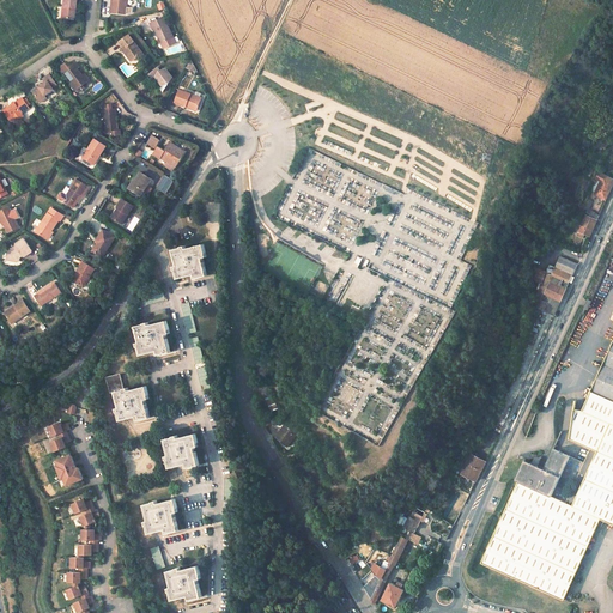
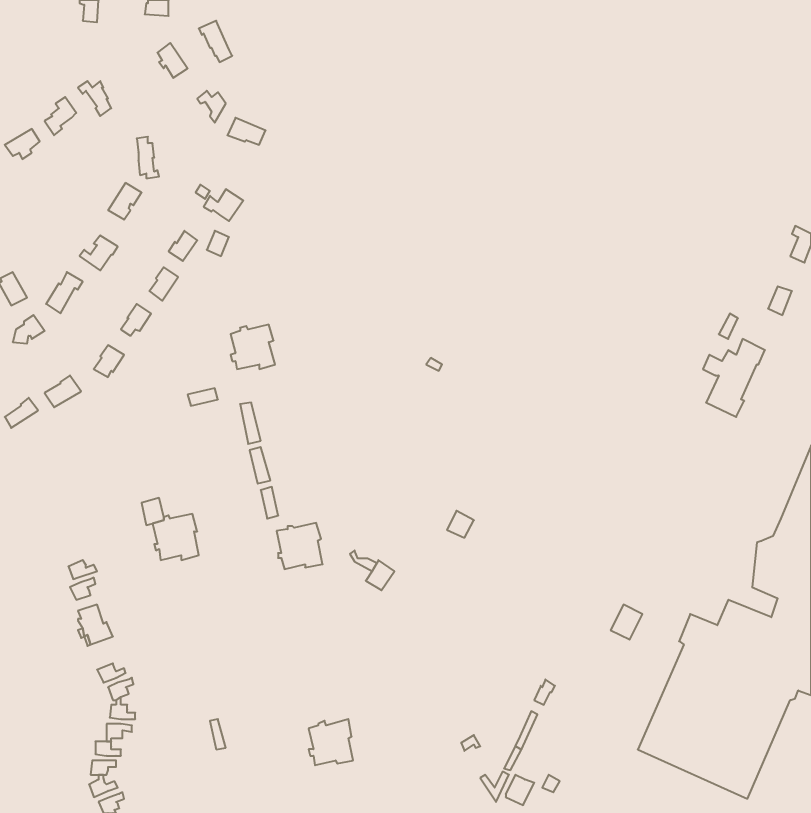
building: [136,321,169,354] -> none
building: [164,433,199,468] -> [277,523,323,569]
building: [144,499,177,533] -> none
building: [168,565,201,600] -> [309,719,353,765]

